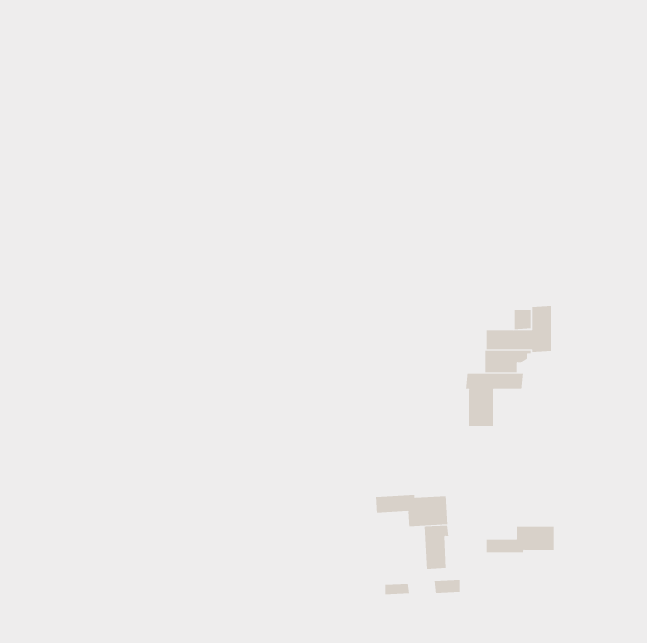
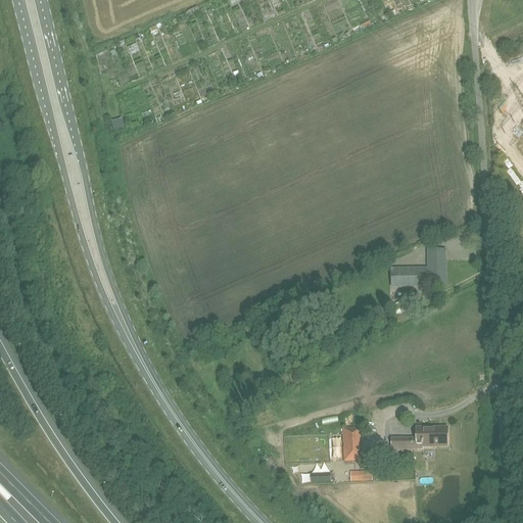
building: [466,373,523,427] -> none
building: [376,494,448,527] -> none

